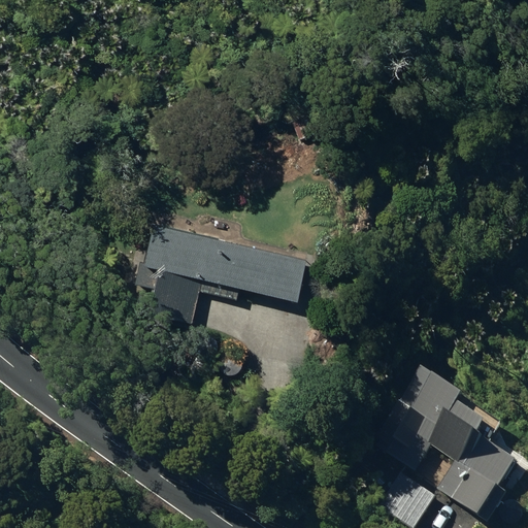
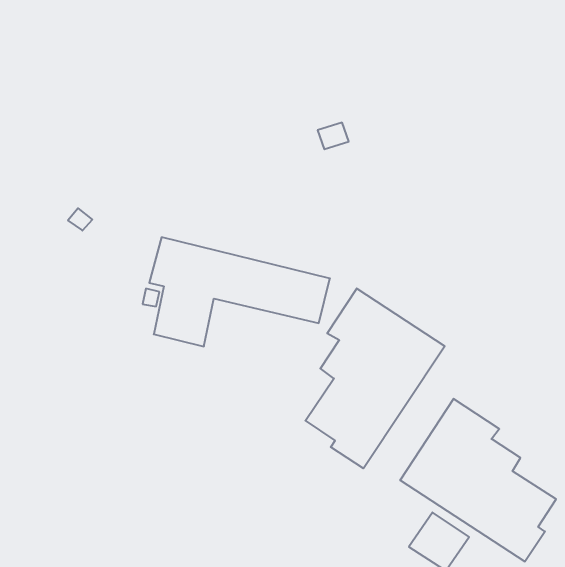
building: none -> [305,288,445,468]

